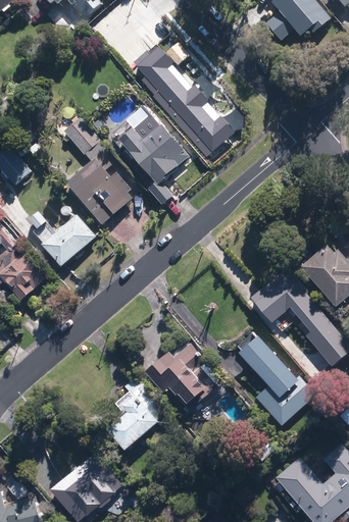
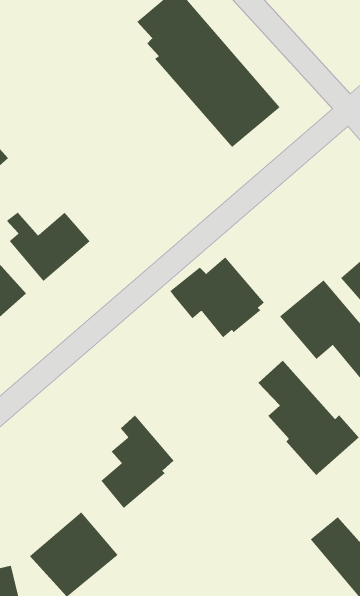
building: [122,113,193,208] -> none
building: [64,119,134,224] -> none
building: [143,344,219,409] -> [169,257,265,338]

